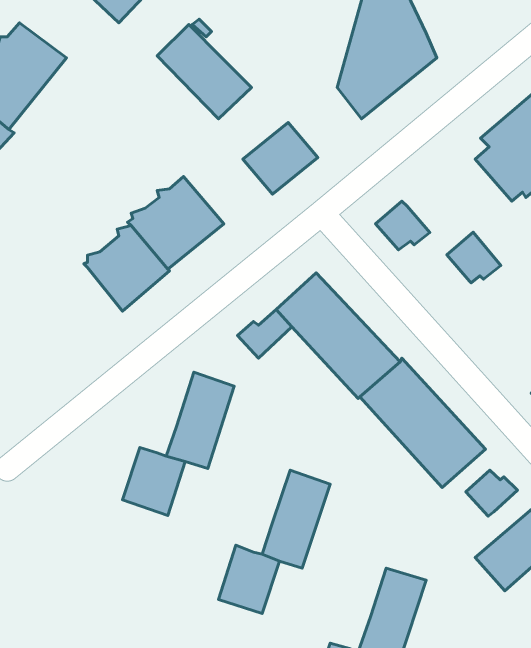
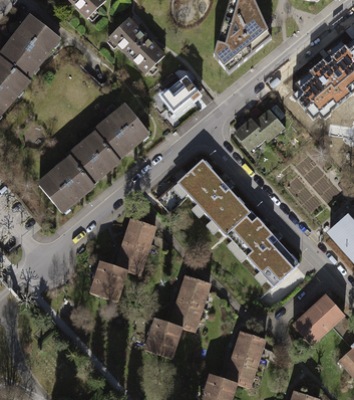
building: [447,232,501,283] -> [254,110,285,139]
building: none -> [39,158,92,210]
building: [466,470,517,516] -> none

